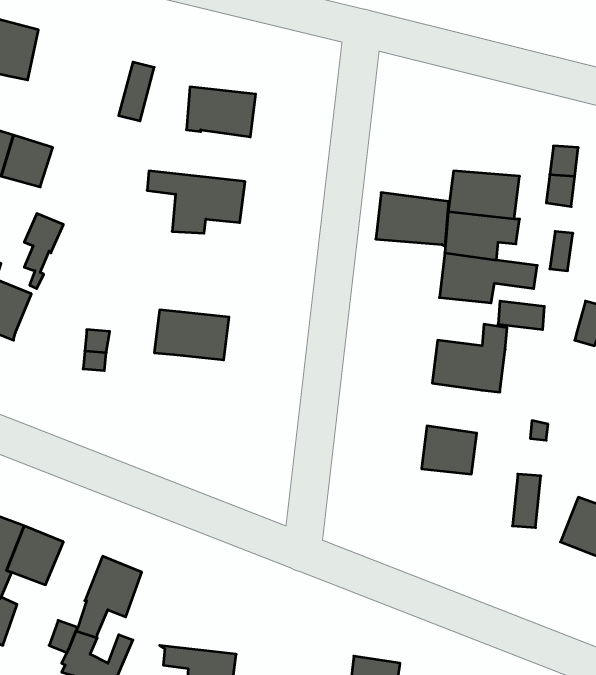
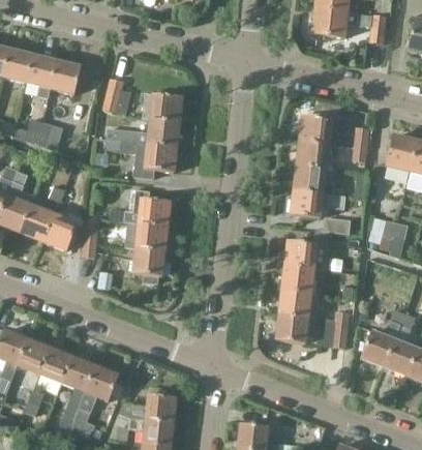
building: none -> [51,60,82,95]
building: none -> [107,118,180,148]
building: [376,193,449,246] -> [298,115,340,146]
building: none -> [124,189,171,227]
building: none -> [42,213,77,249]
building: none -> [132,248,164,283]
building: none -> [282,265,314,294]
building: none -> [276,314,308,343]
building: none -> [61,357,94,391]
building: none -> [119,394,174,422]

